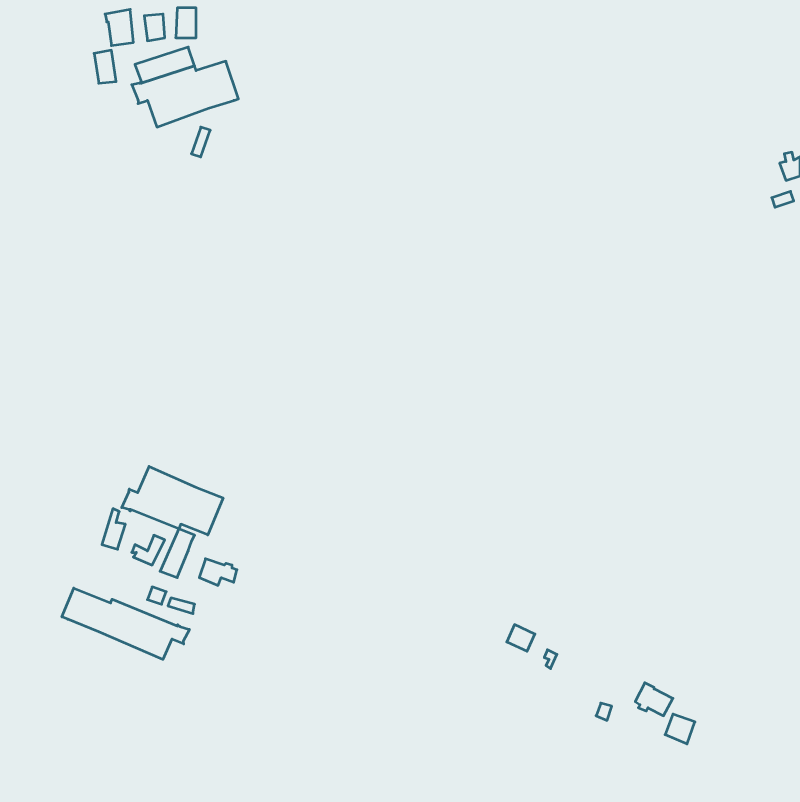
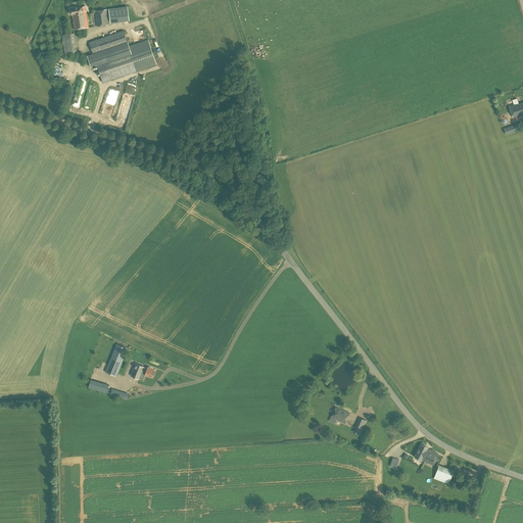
building: [122,466,223,535] -> none
building: [62,588,189,659] -> none

